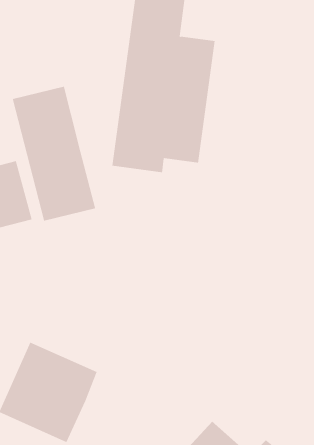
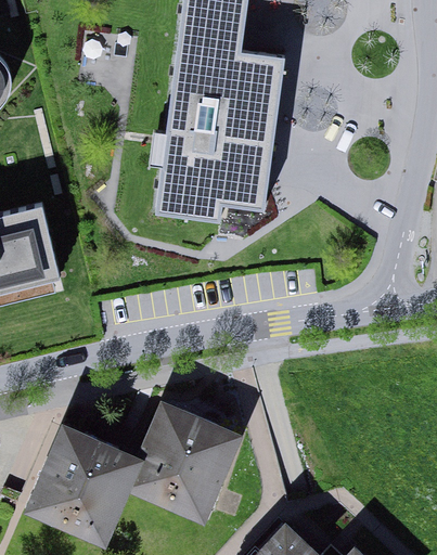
building: [12,86,96,221] -> none
building: none -> [127,411,234,527]

